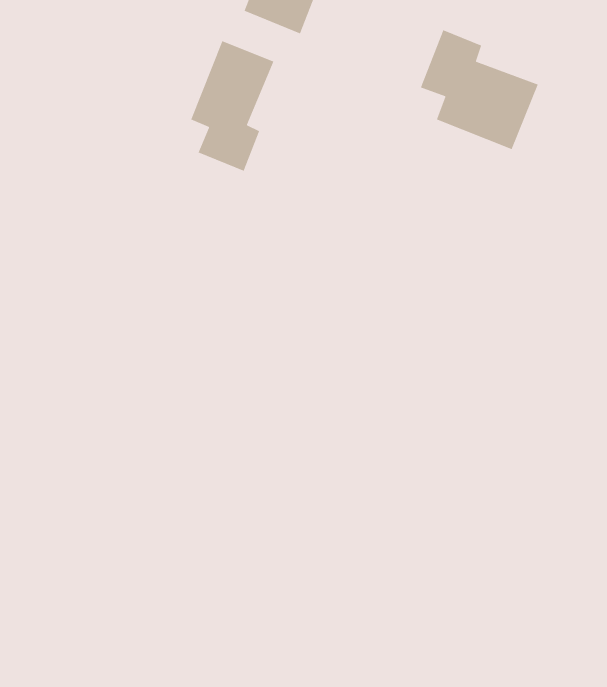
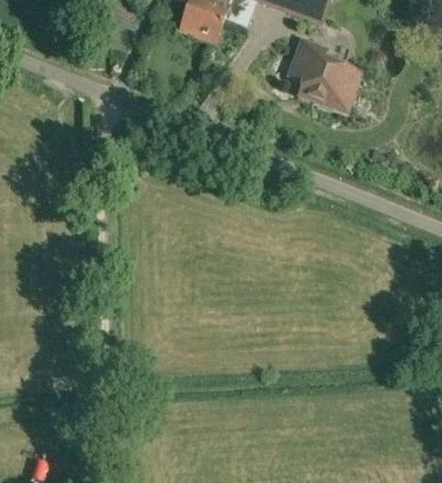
building: [190,40,275,172] -> none

